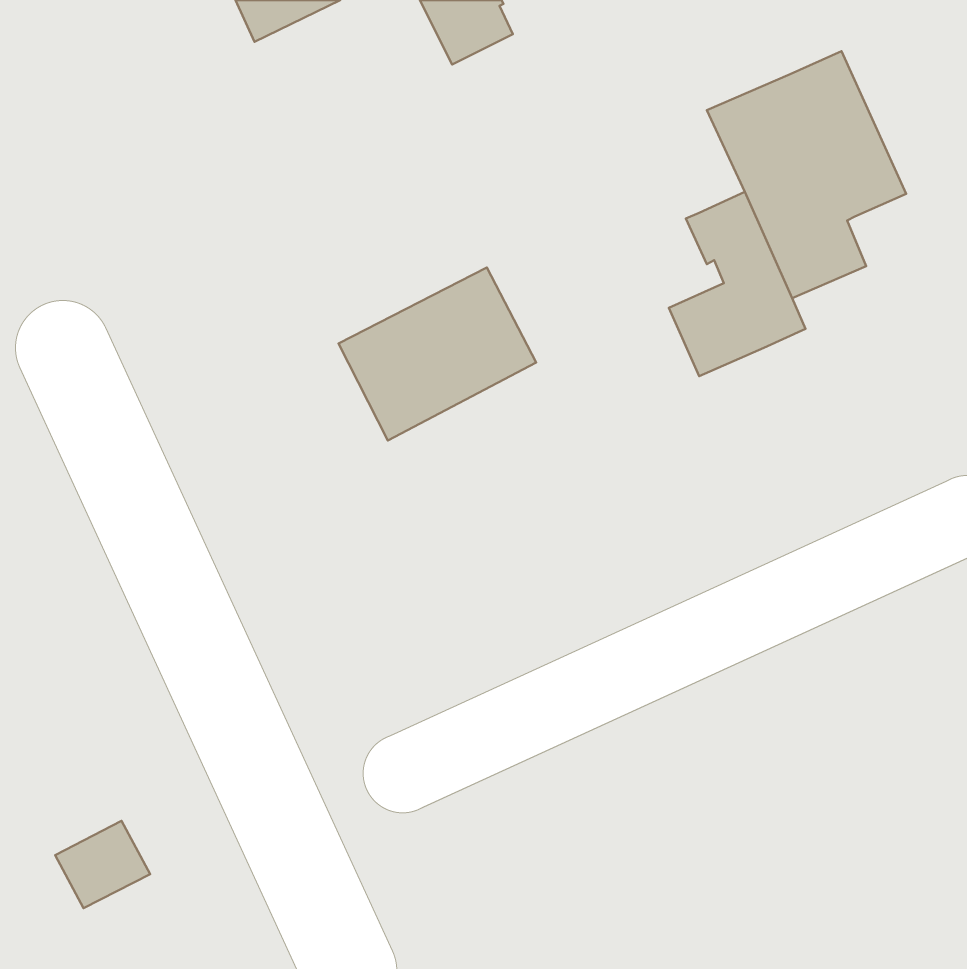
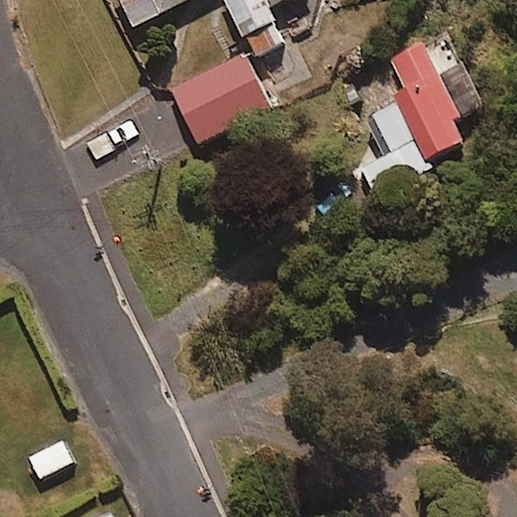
building: [339,268,536,441] -> [171,50,276,142]

